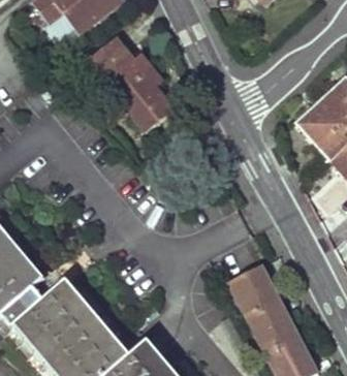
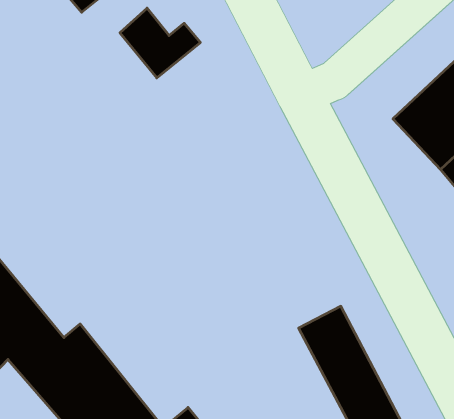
building: [121,65,171,127] -> none

